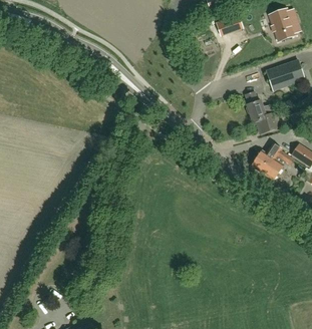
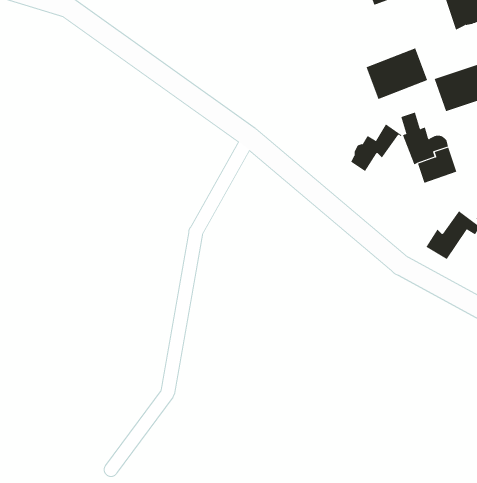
building: none -> [366,47,428,100]
building: [251,142,282,172] -> [351,124,402,172]

